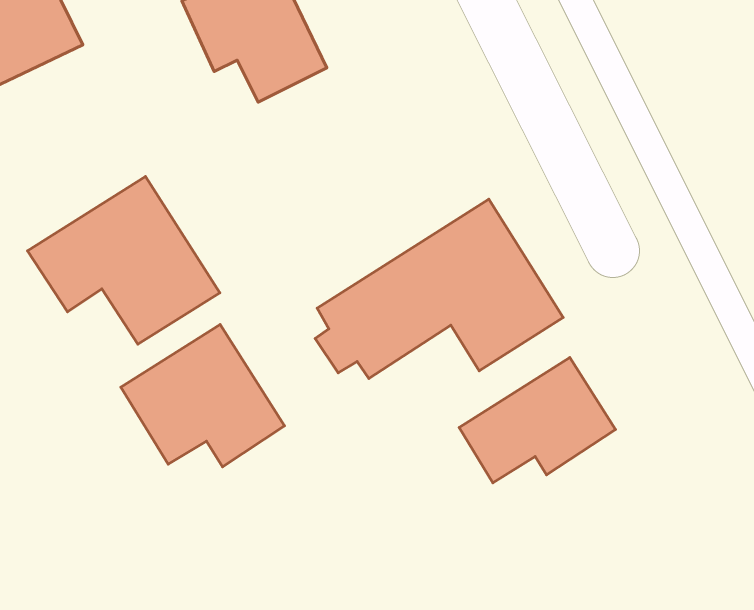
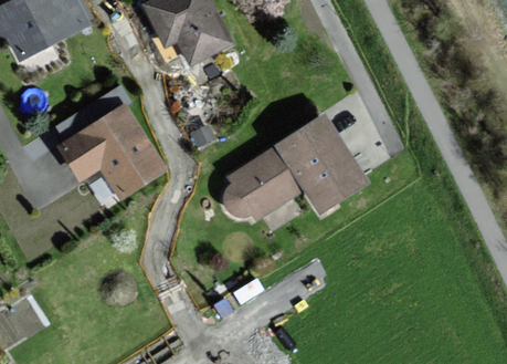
building: [121,325,284,467] -> none
building: [459,358,616,483] -> none

